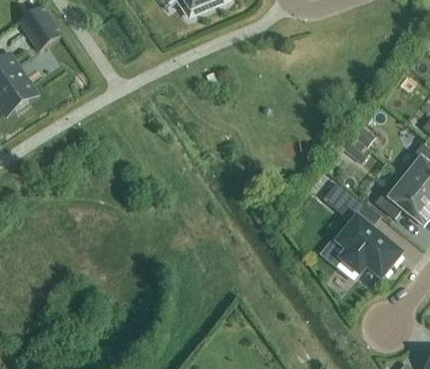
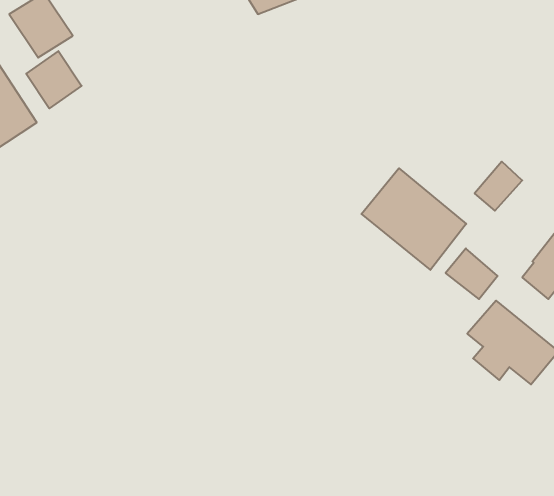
building: none -> [26,51,82,108]
building: none -> [361,168,466,270]

